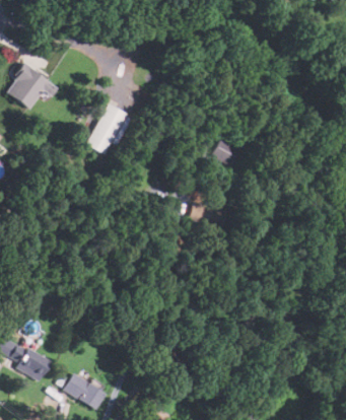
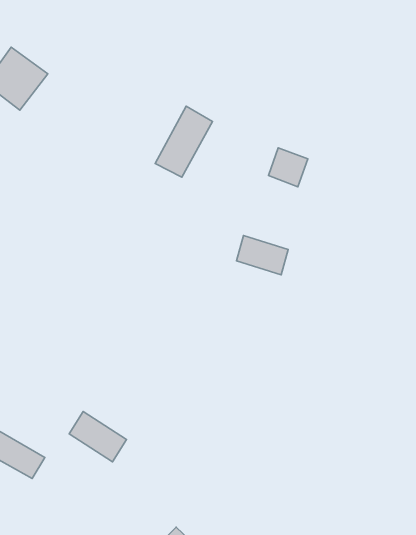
building: [86,103,128,155] -> [155,106,213,177]
building: [64,373,106,410] -> [69,412,126,462]

